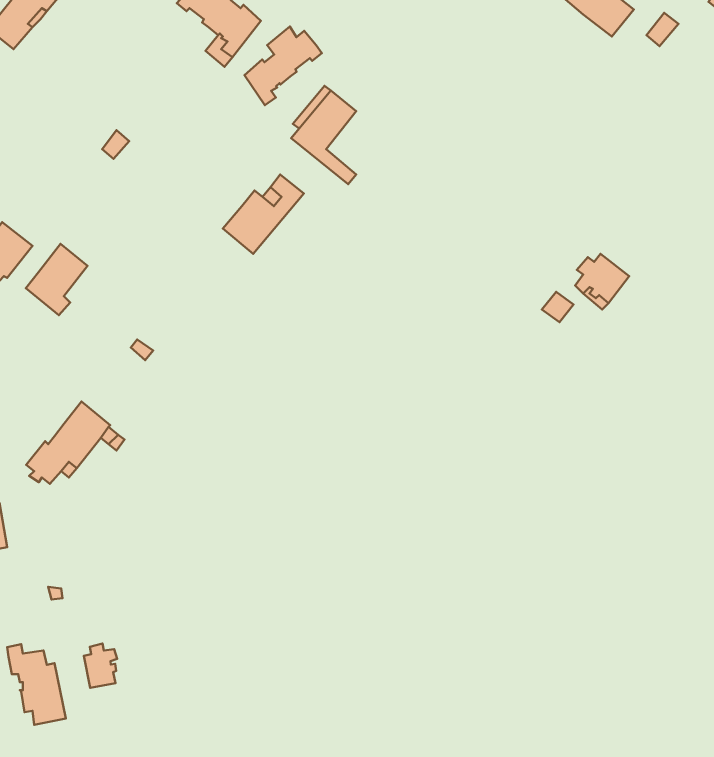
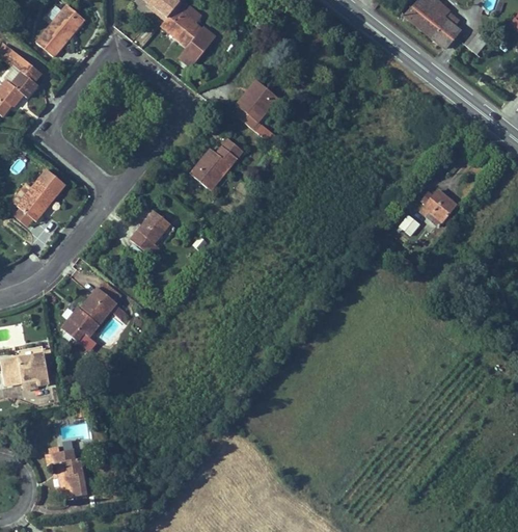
building: [244,27,322,105] -> none
building: [26,244,88,315] -> [130,209,170,256]
building: [84,644,117,688] -> none

